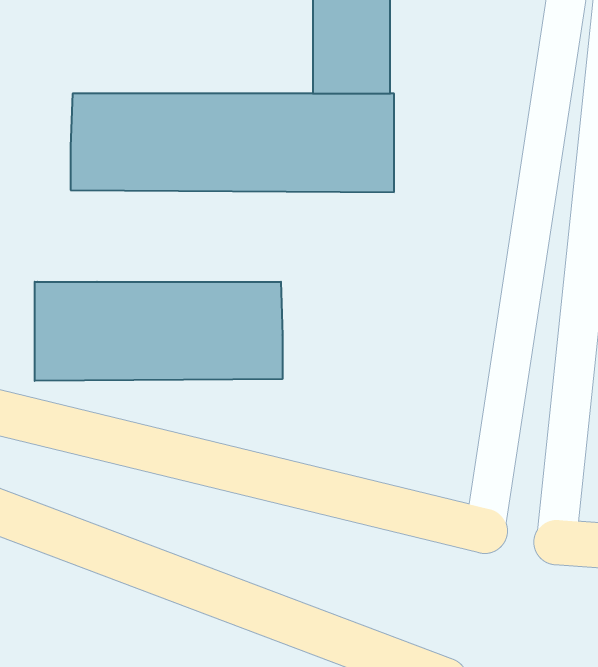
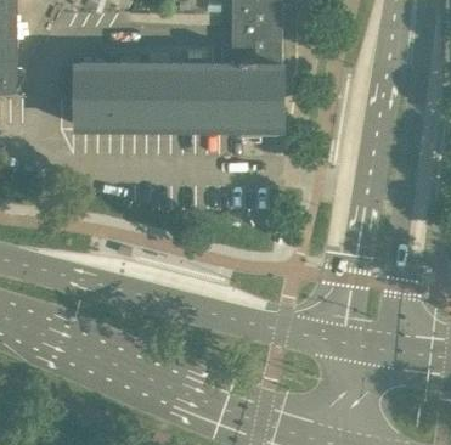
building: [35,282,282,381] -> none

